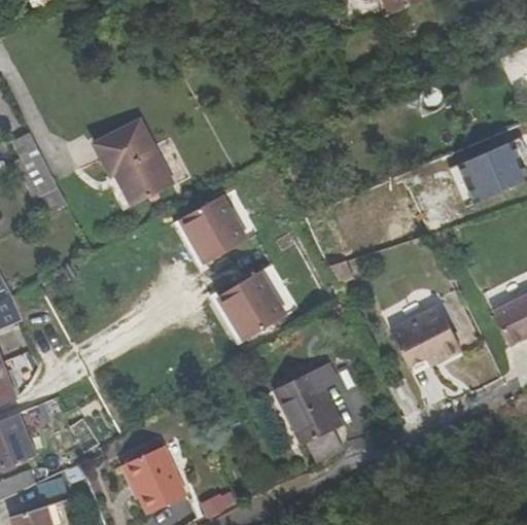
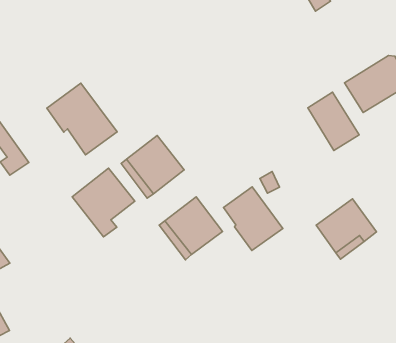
building: none -> [308,92,359,151]
building: none -> [72,168,135,237]
building: [279,374,345,449] -> [224,187,283,251]

